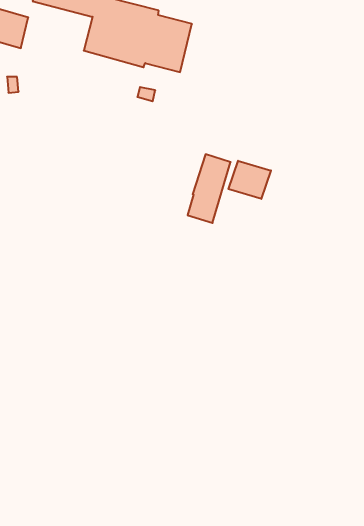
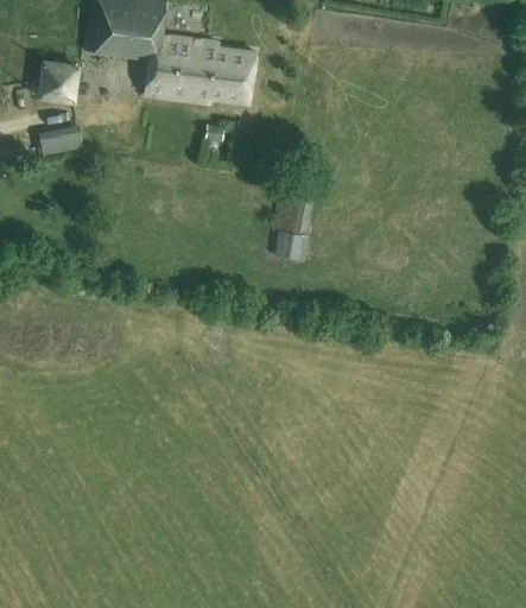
building: [228,161,271,199] -> none

